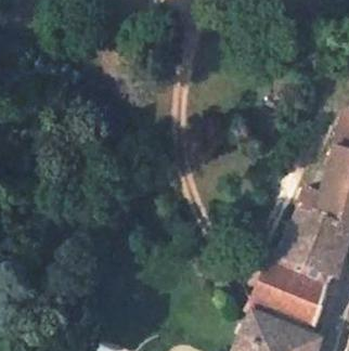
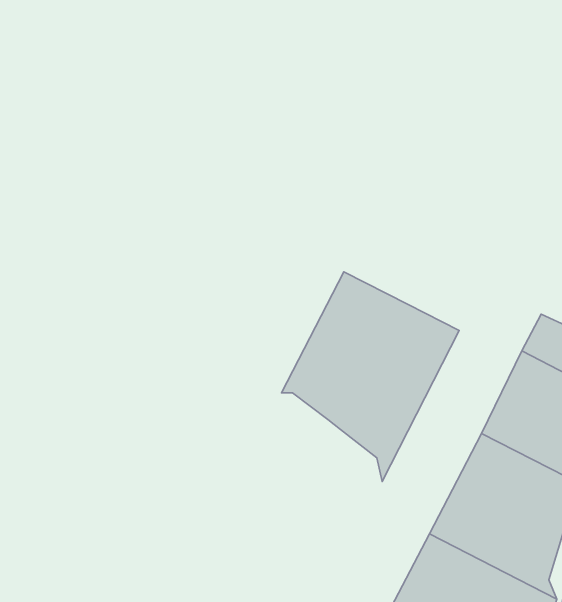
building: none -> [281,272,459,482]

